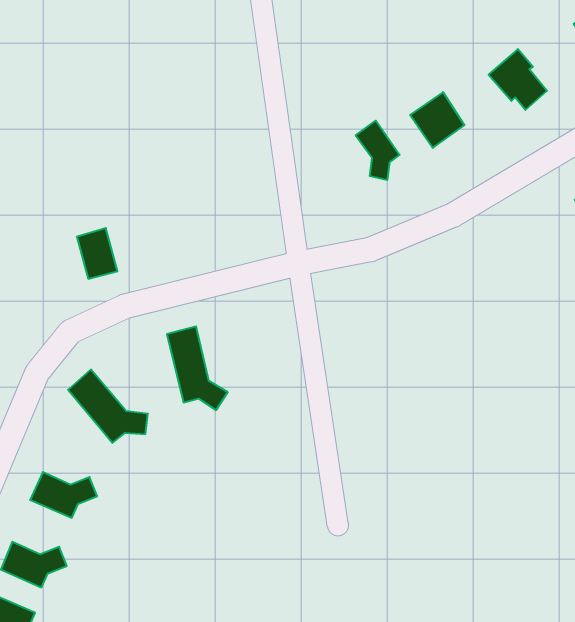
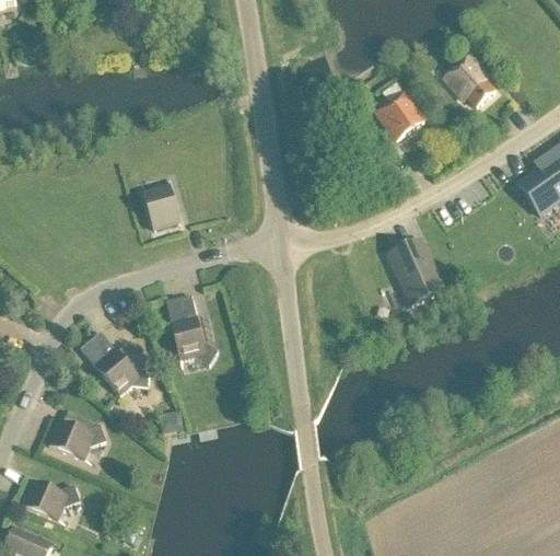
building: [356,121,400,180] -> none
building: [77,228,117,279] -> [144,184,179,228]
building: none -> [389,240,444,304]

